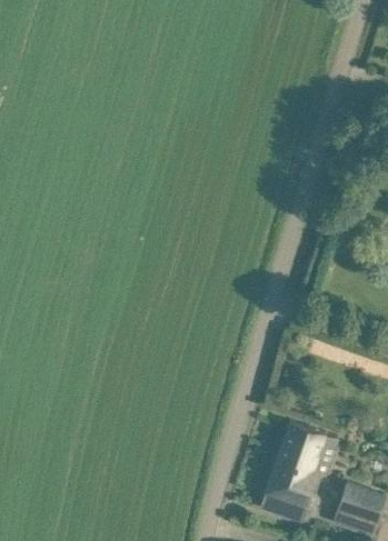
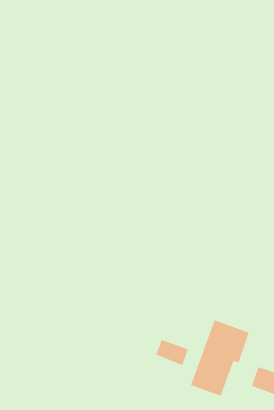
building: none -> [155,339,189,366]

